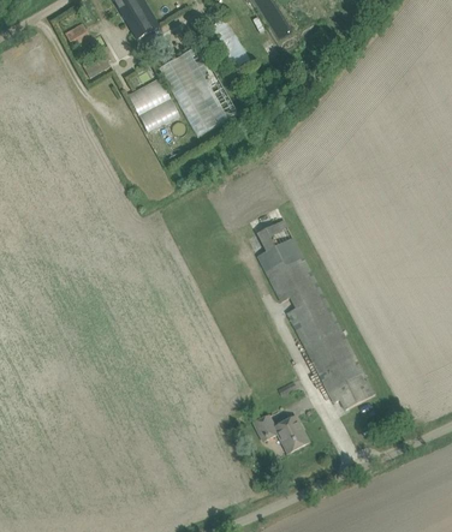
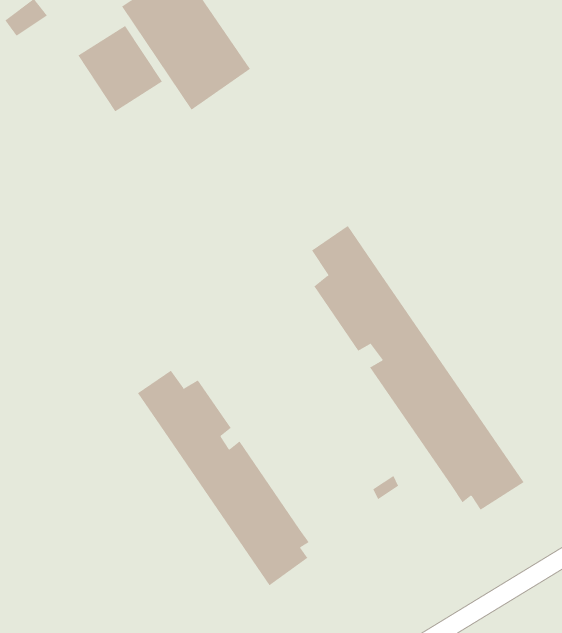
building: none -> [137,370,309,586]
building: [254,416,309,452] -> none

